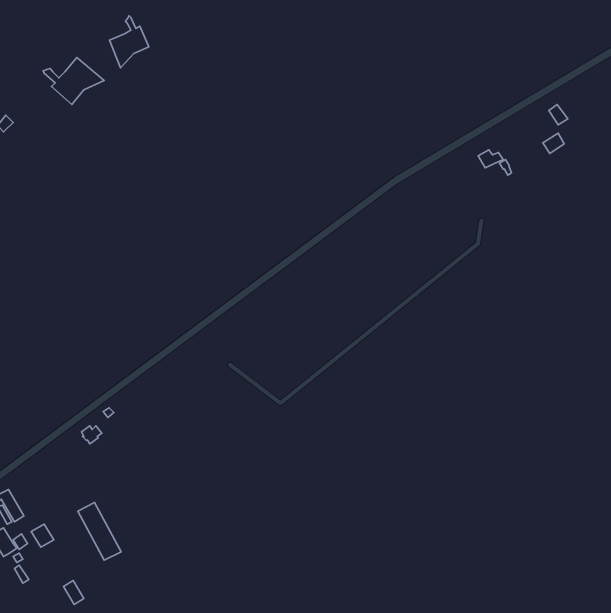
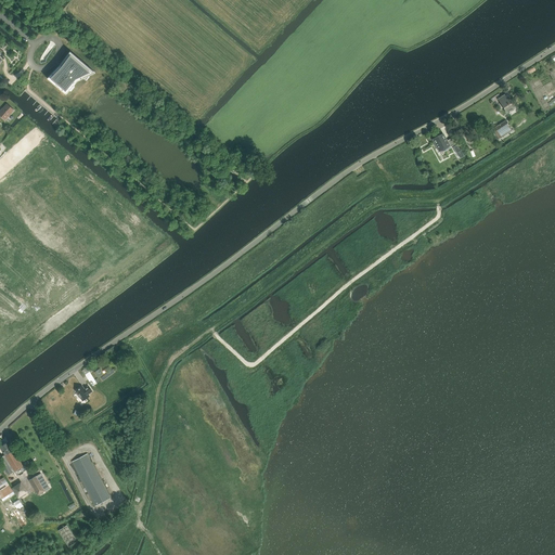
building: [110,16,149,68] -> none

